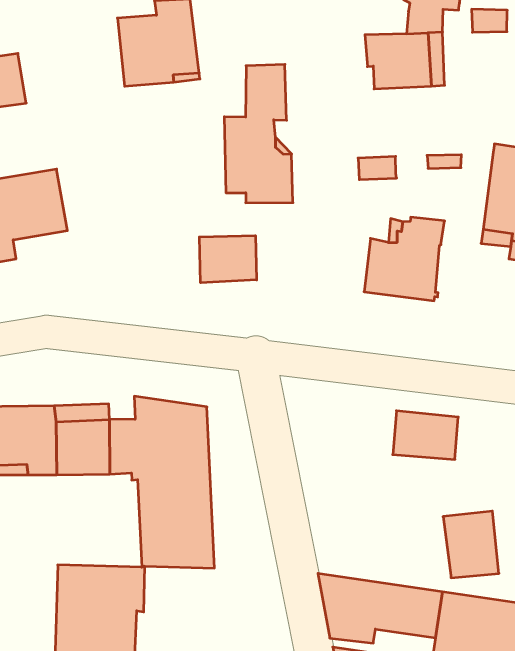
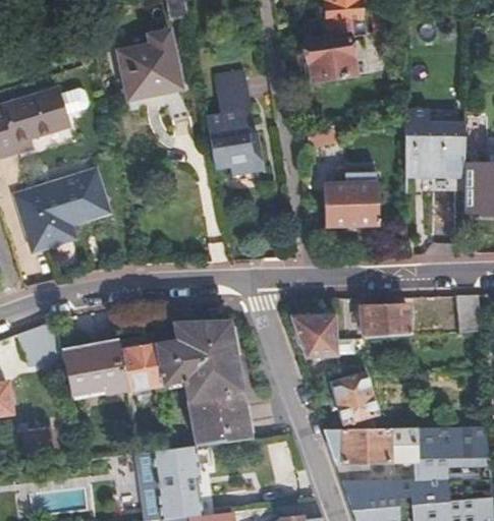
building: [199,236,257,283] -> none
building: none -> [290,314,338,356]
building: [443,511,499,578] -> [331,372,377,424]

